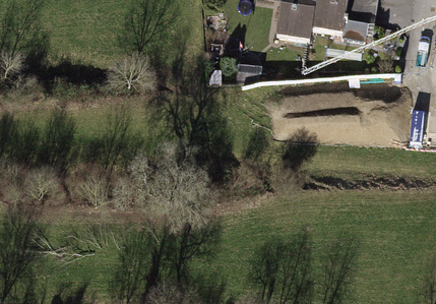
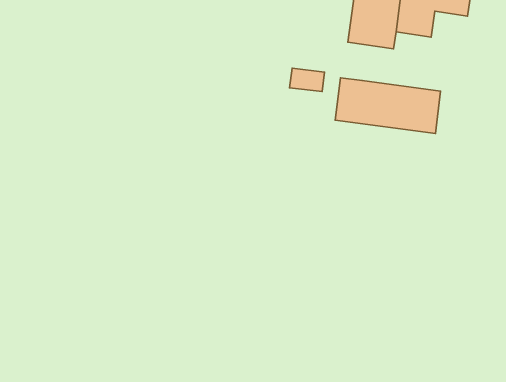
building: none -> [335,78,440,134]

